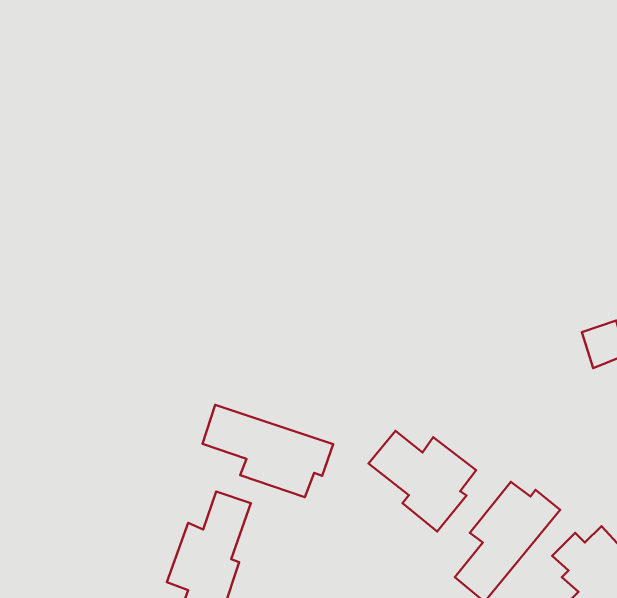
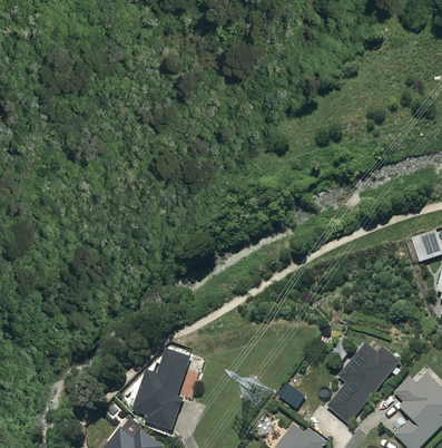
building: [203,405,333,497] -> none
building: [369,431,476,532] -> none

